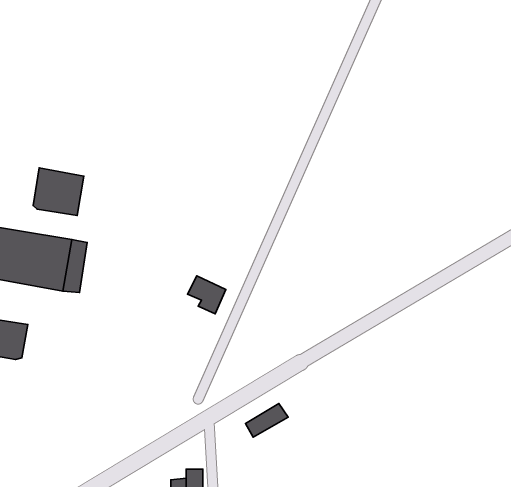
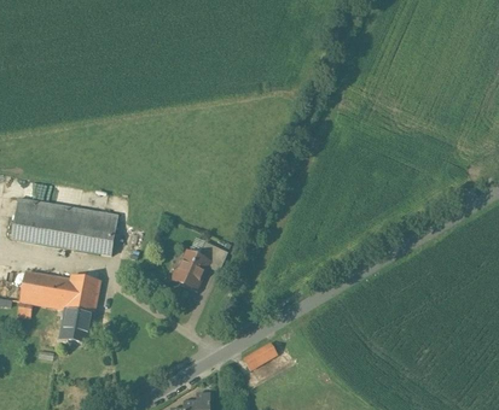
building: [33,168,84,216] -> none
building: none -> [172,251,208,289]
building: none -> [59,275,99,342]

